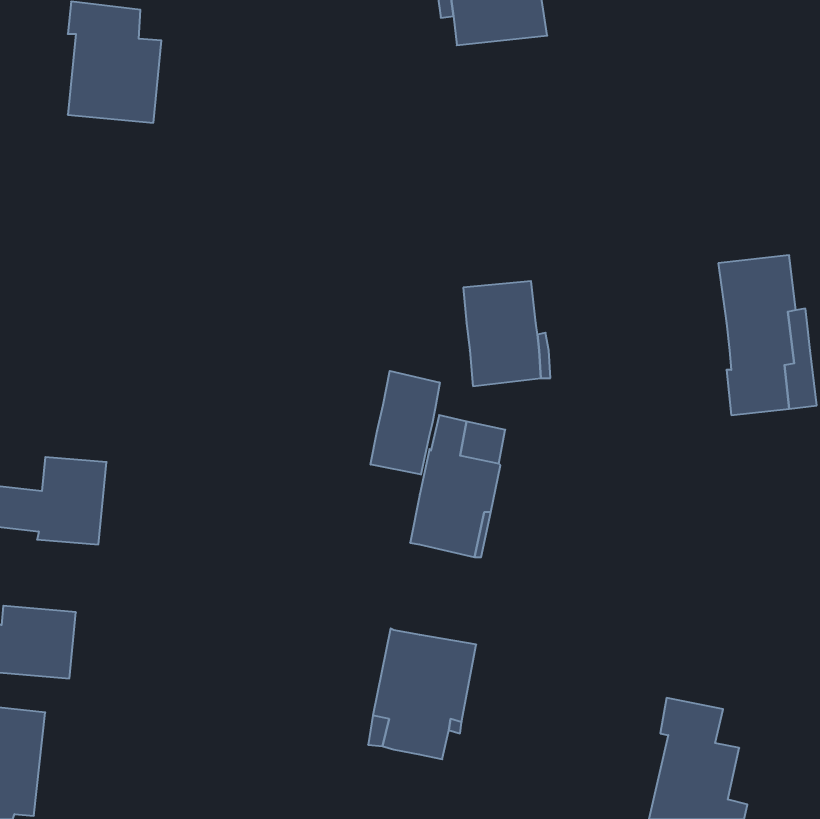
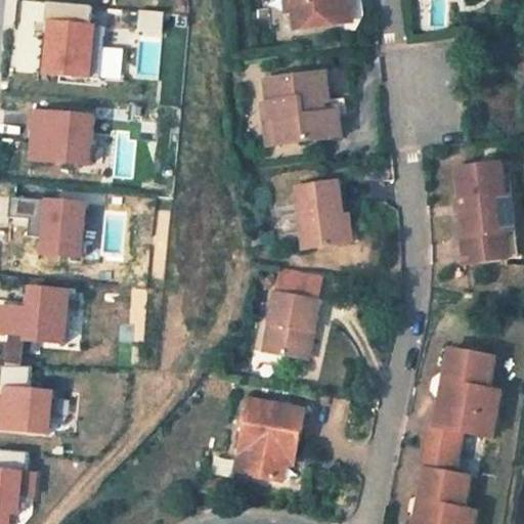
building: none -> [260,71,341,143]
building: none -> [29,112,93,166]
building: none -> [7,198,86,258]
building: [371,371,440,475] -> none
building: none -> [423,346,503,449]

